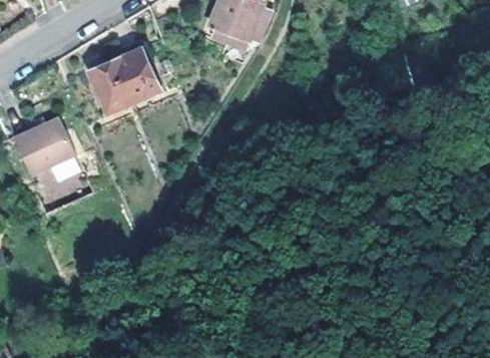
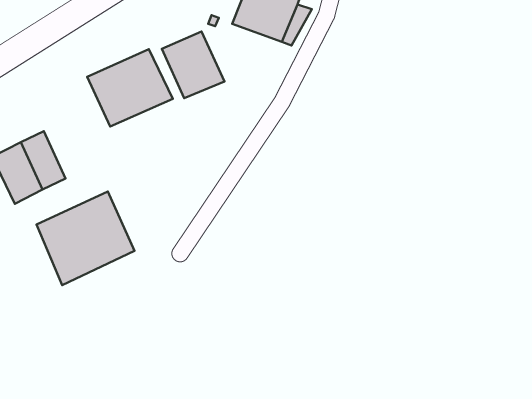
building: none -> [162,31,224,98]
building: none -> [36,192,135,285]

